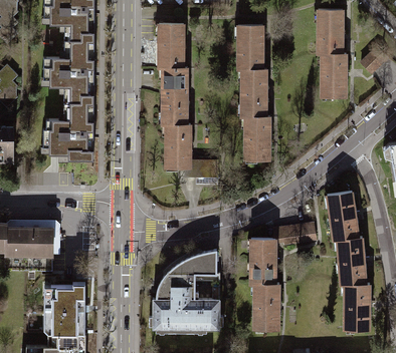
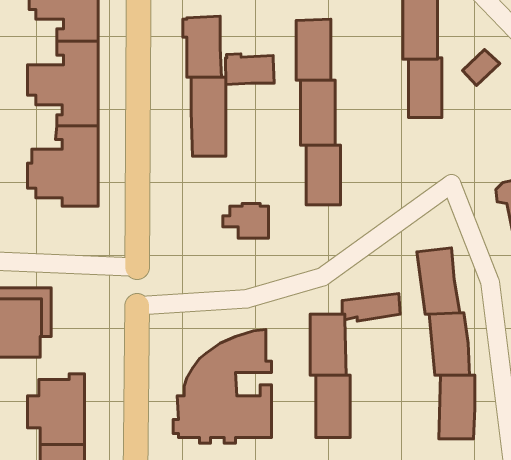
building: none -> [226,54,274,84]
building: [166,125,190,168] -> none

